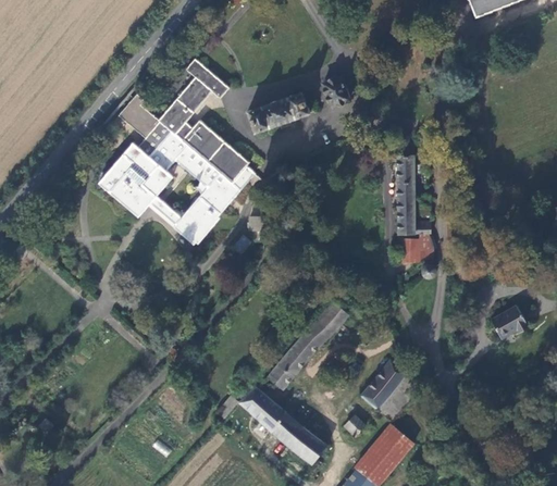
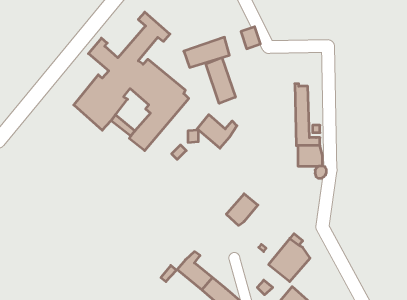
building: none -> [206,58,235,103]
building: none -> [197,115,237,148]
building: [491,306,528,339] -> none
building: [265,328,320,388] -> none

